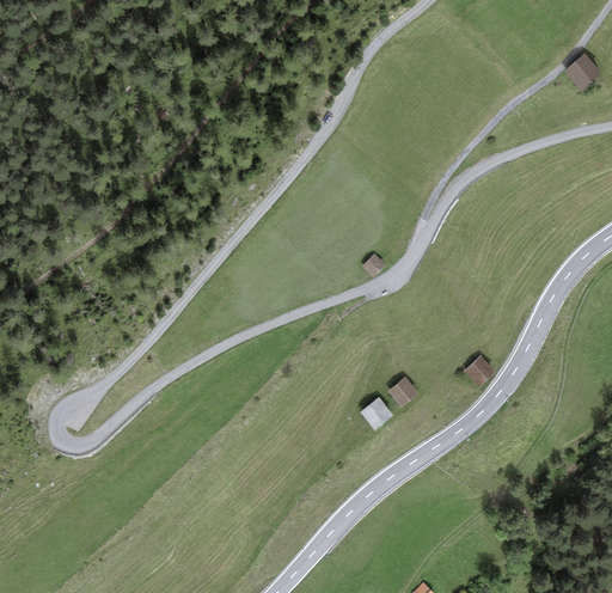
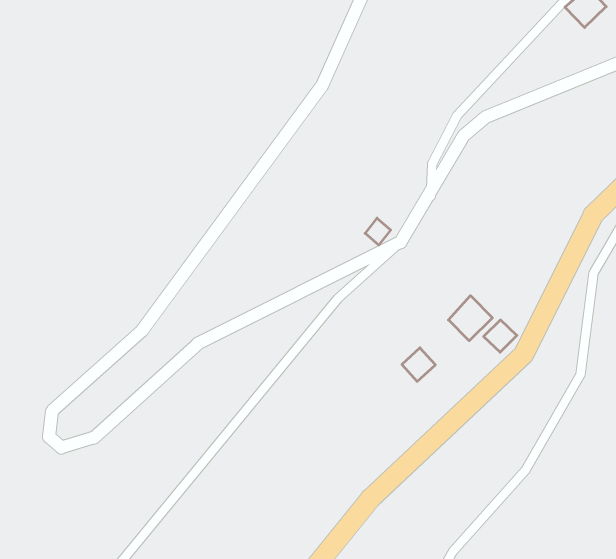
building: none -> [448,296,492,341]
building: [359,397,393,430] -> none

